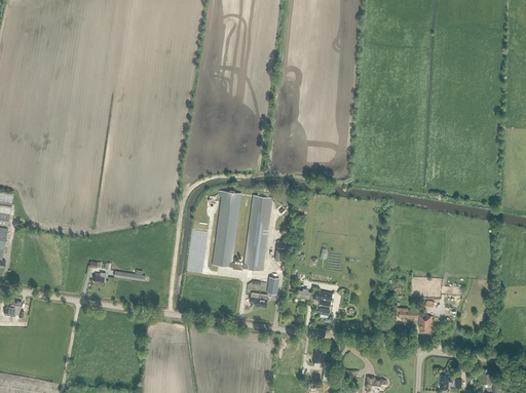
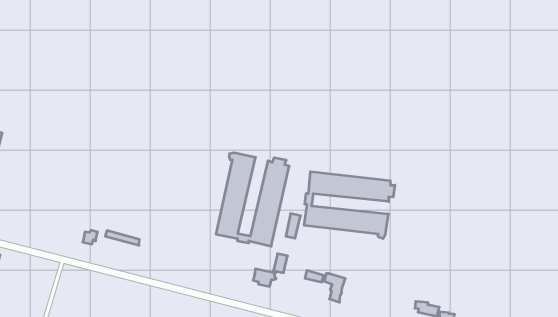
building: none -> [304,172,395,239]

